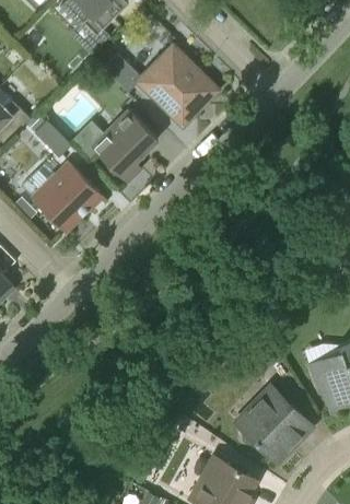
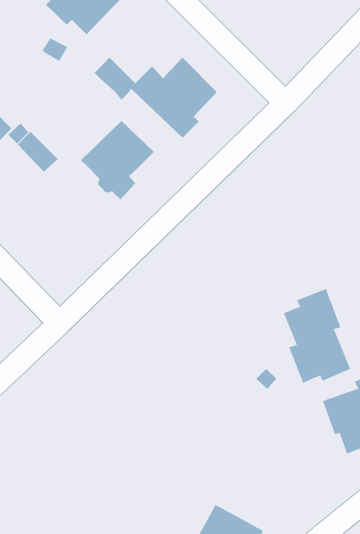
building: [33,163,108,233] -> none
building: none -> [283,288,351,384]
building: [234,386,313,464] -> none

